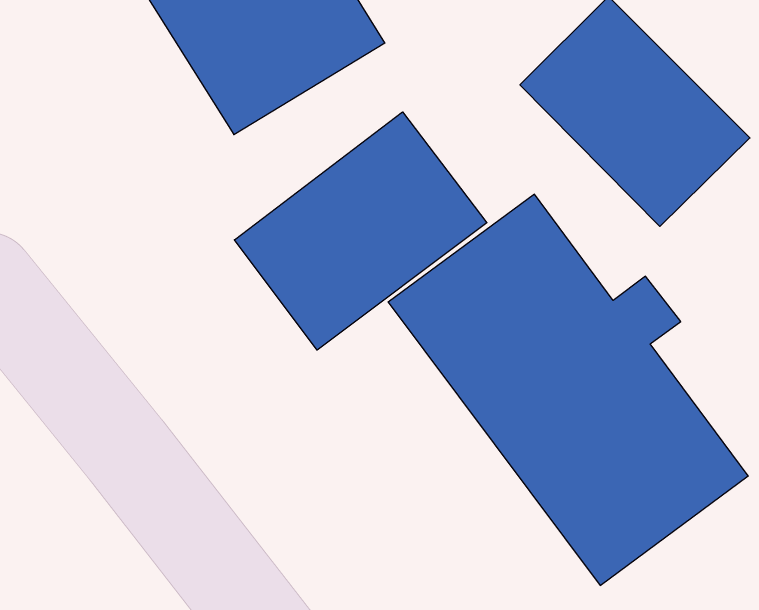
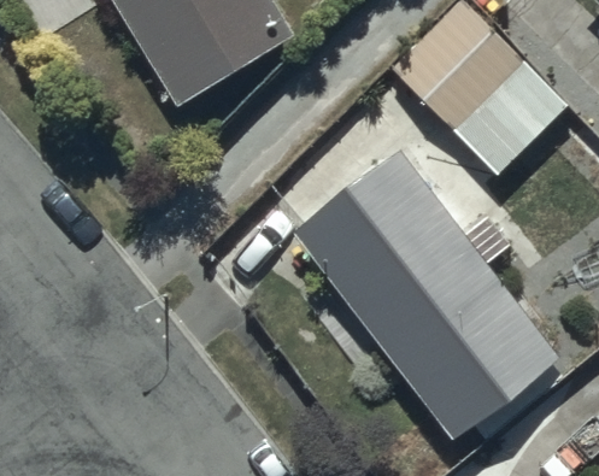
building: [234,112,487,350] -> none

